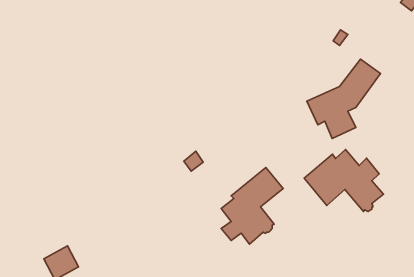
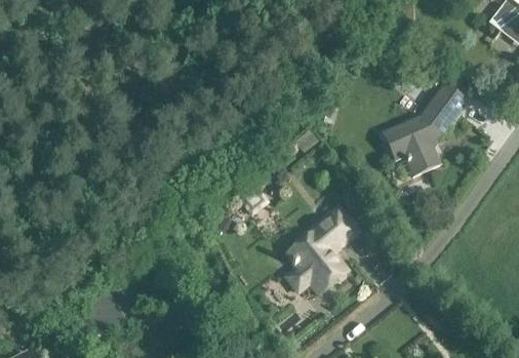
building: [304,149,384,211] -> none

